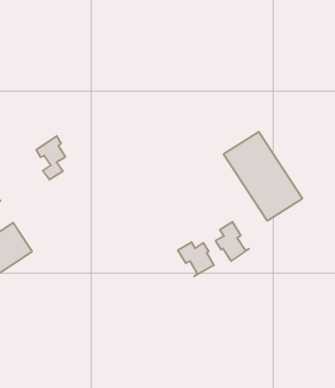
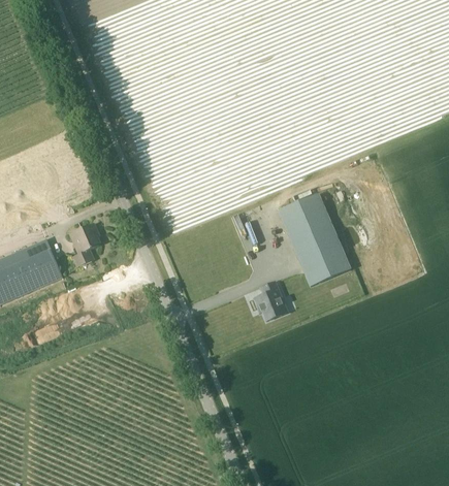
building: [36,136,65,180] -> [69,223,98,266]
building: [178,242,214,276] -> none

